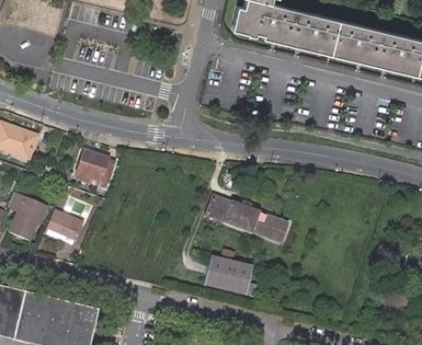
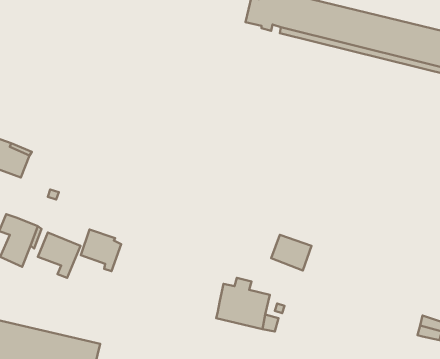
building: [78,151,114,188] -> [81,230,121,271]
building: [208,196,261,233] -> none

